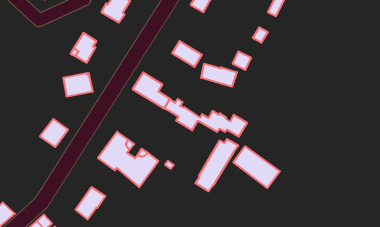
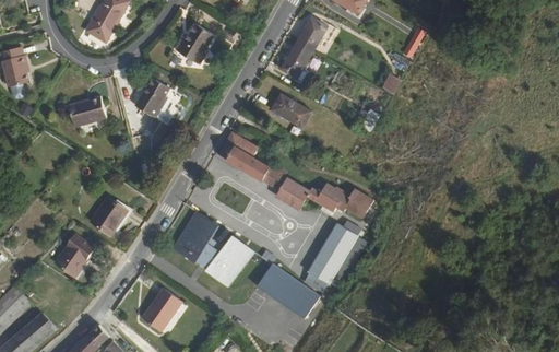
building: none -> [283,40,314,75]
building: [201,64,237,87] -> none
building: [63,73,93,96] -> [71,94,111,126]
building: none -> [56,230,99,273]
building: [233,146,280,188] -> [255,266,319,322]

